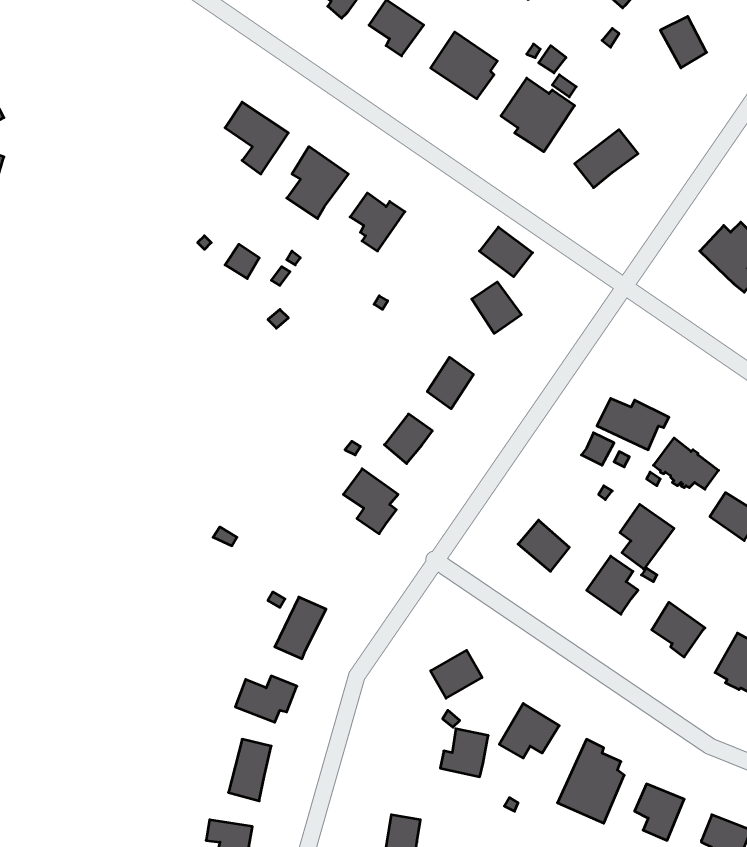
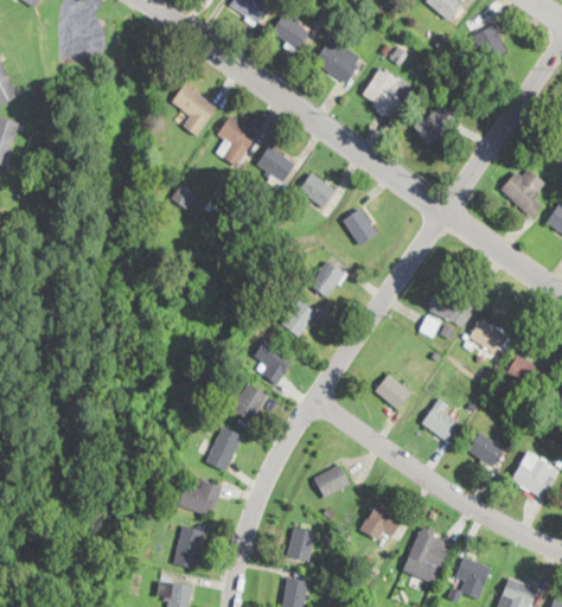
building: [479,227,533,277] -> [299,172,336,206]
building: [620,504,674,569] -> none
building: none -> [232,383,268,422]
building: [440,729,488,777] -> [282,526,315,560]

